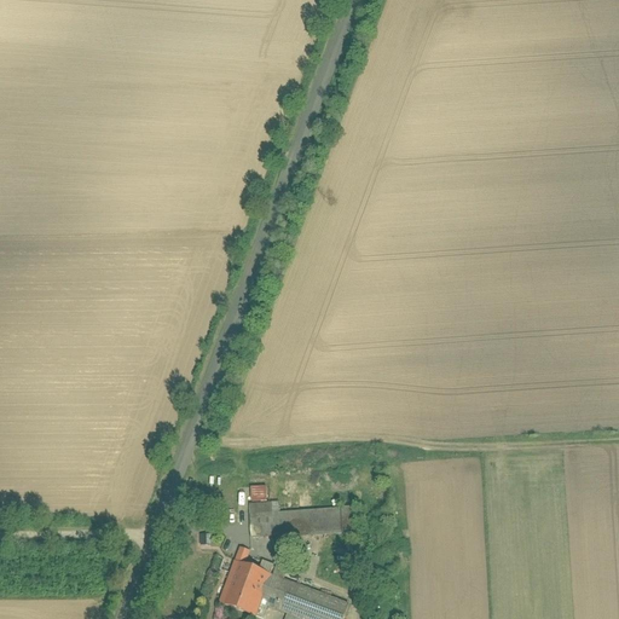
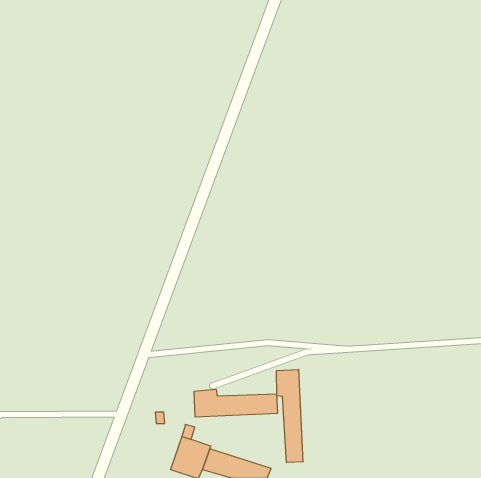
building: none -> [276,369,303,463]

